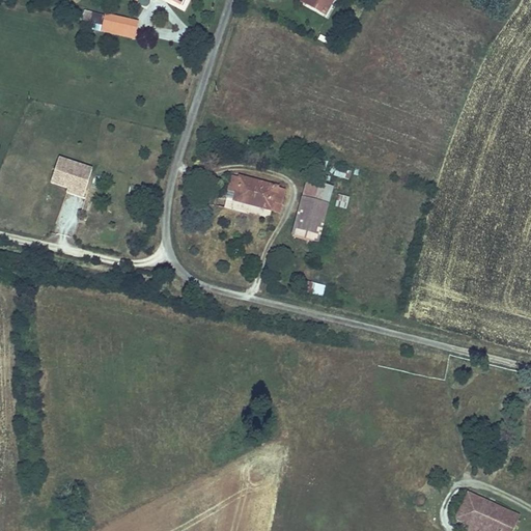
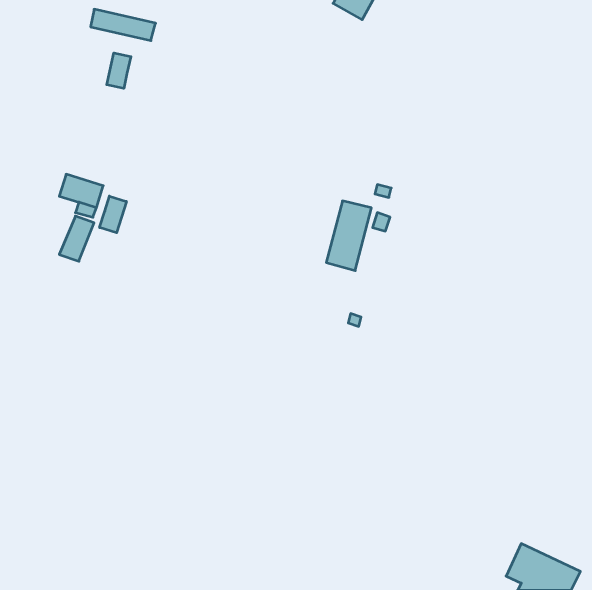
building: none -> [107,53,131,88]
building: [226,174,285,215] -> none
building: none -> [100,196,126,233]

